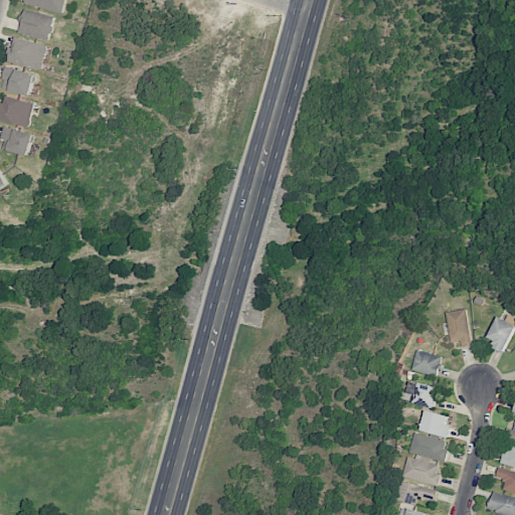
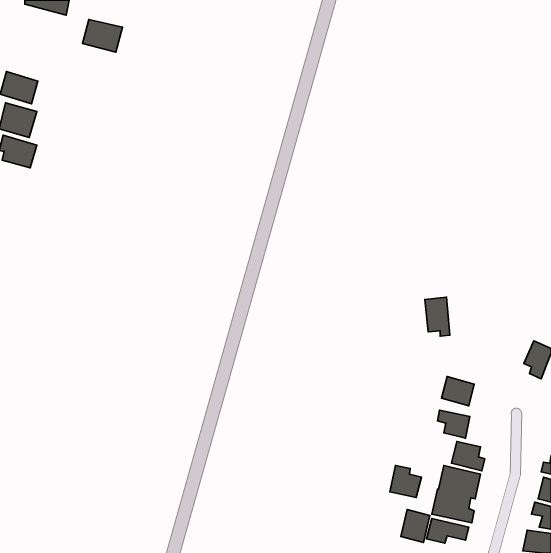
building: [17,9,54,39] -> [82,20,122,52]
building: [8,38,46,69] -> none
building: [446,310,469,346] -> [425,297,450,336]
building: none -> [390,465,421,498]
building: none -> [401,509,430,543]

